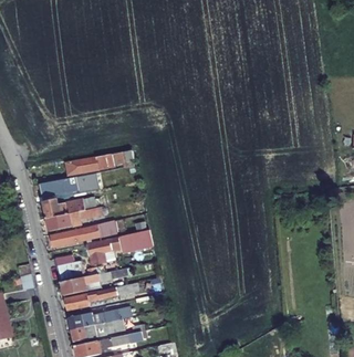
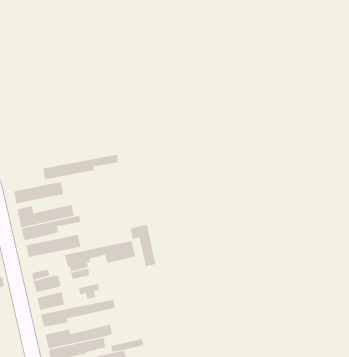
building: none -> [130,224,156,267]

